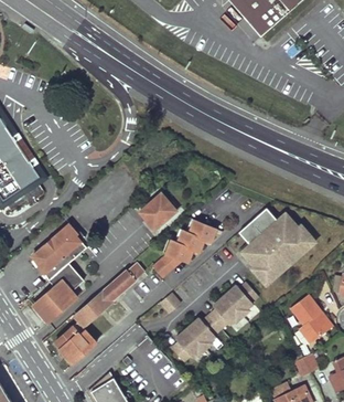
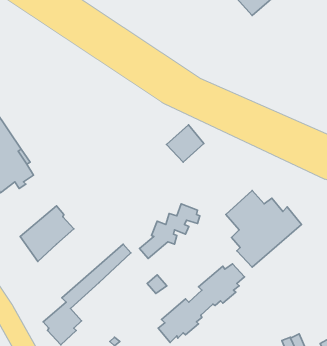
building: [137,192,174,230] -> [167,125,204,162]
building: [33,263,84,322] -> none
building: [290,294,334,343] -> none

